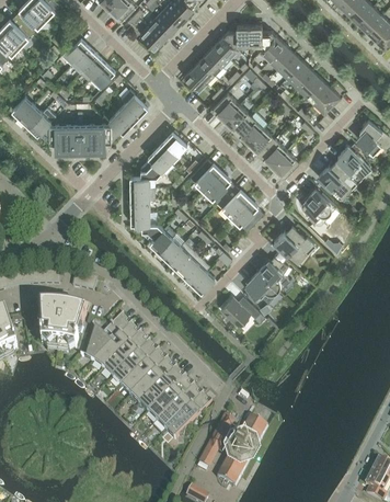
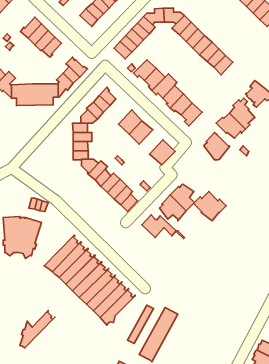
building: [217,185,248,217] -> none
building: [273,227,316,265] -> [194,192,226,221]
building: [85,315,131,364] -> [20,310,55,348]

